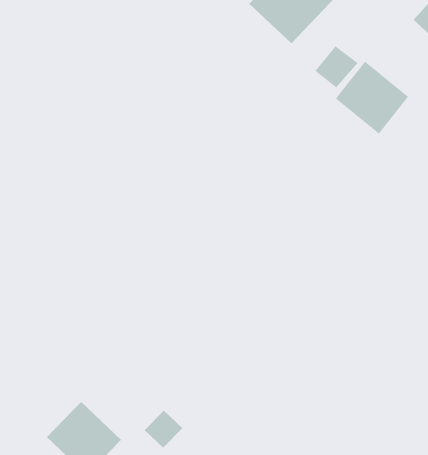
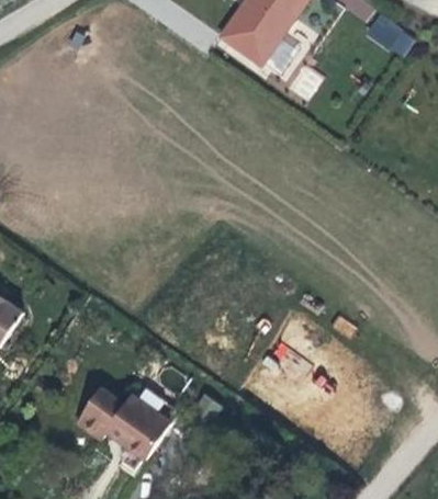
building: [335,61,409,134] -> none
building: none -> [74,387,123,439]

